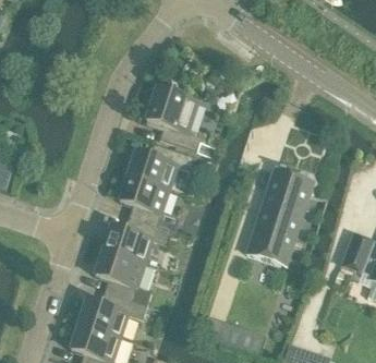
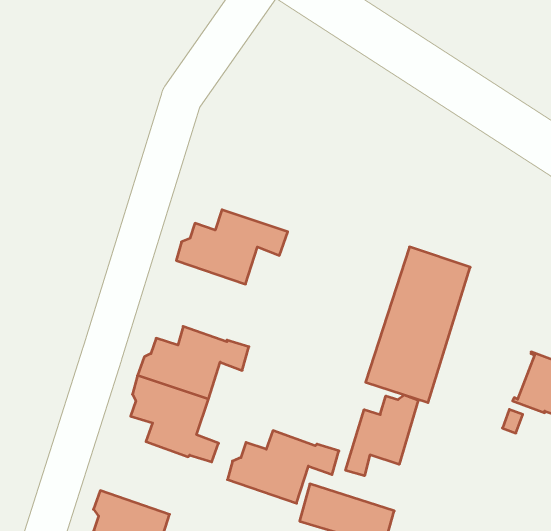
building: [145,83,215,156] -> none
building: [120,174,169,227] -> none
building: none -> [346,395,418,476]
building: [75,291,147,338] -> [227,431,339,503]

